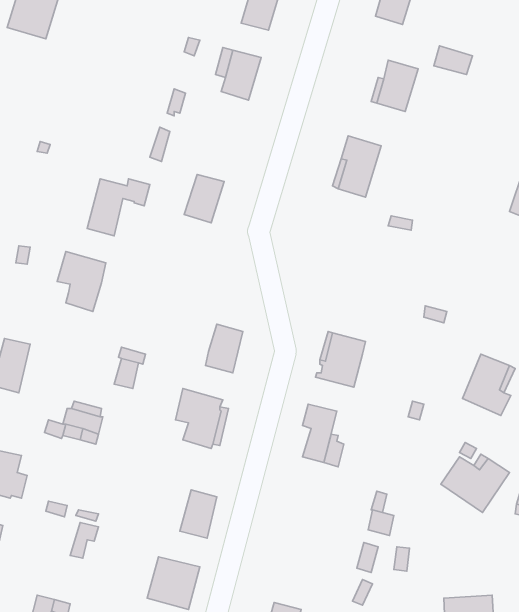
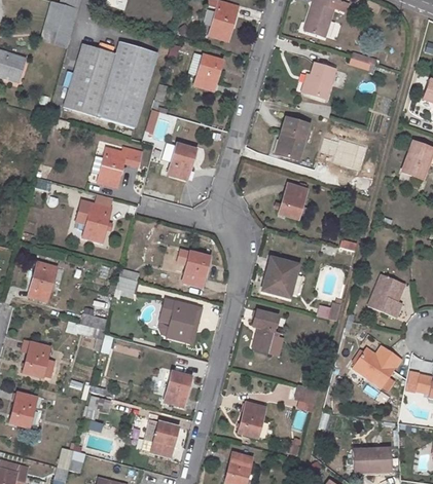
building: none -> [65,41,157,127]
building: none -> [279,183,308,219]
building: none -> [238,402,265,437]

